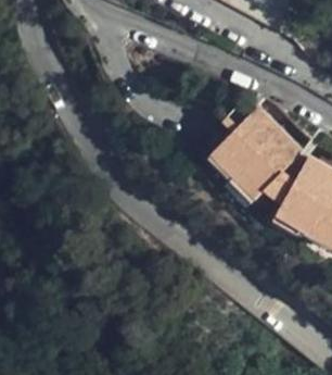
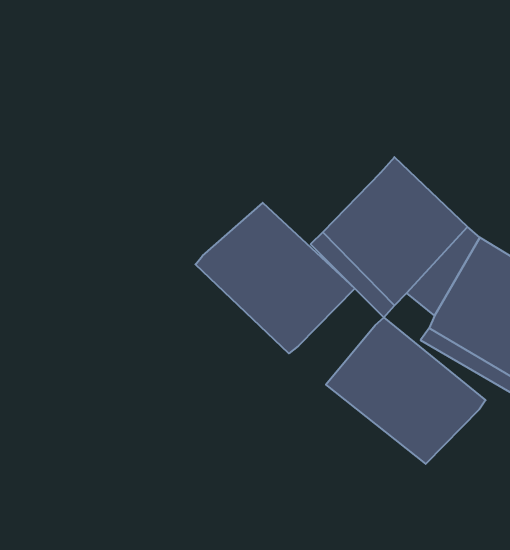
building: none -> [195,203,355,353]
building: none -> [326,318,486,464]

